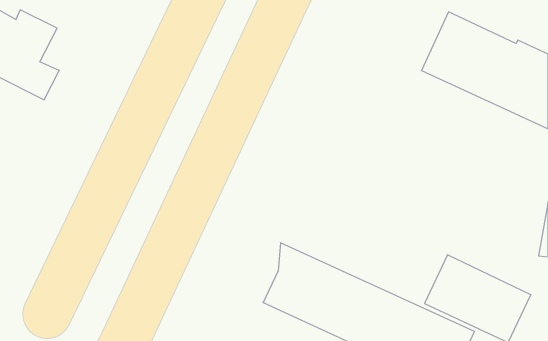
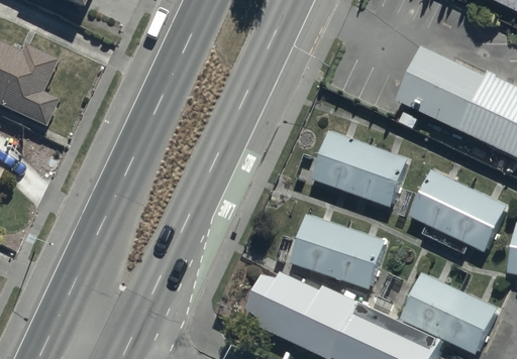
building: none -> [311,131,406,208]
building: none -> [407,170,506,252]
building: none -> [289,214,386,289]

